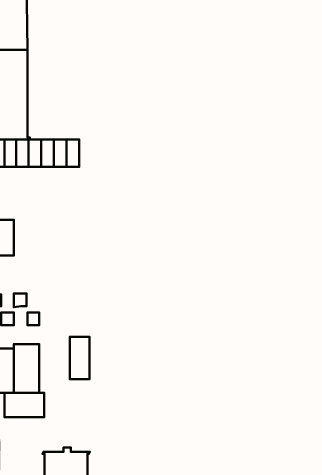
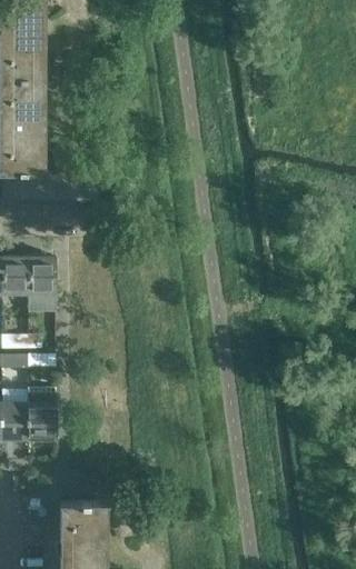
building: none -> [27,257,55,312]
building: [70,337,89,379] -> none
building: [5,393,44,417] -> none

